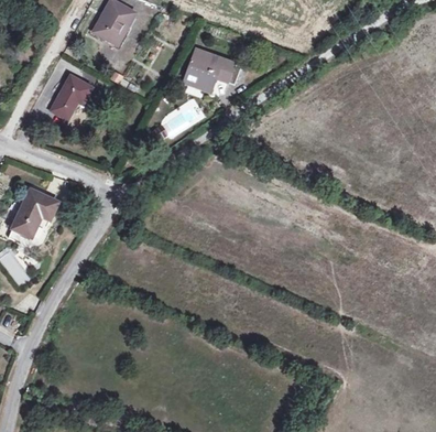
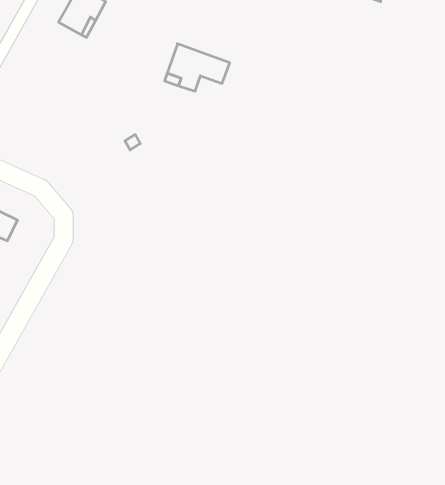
building: [52,75,91,118] -> none

